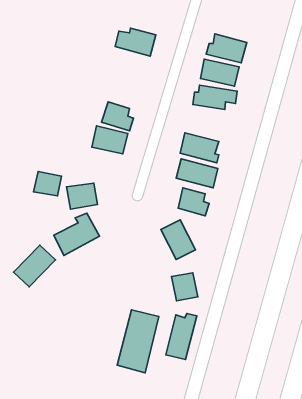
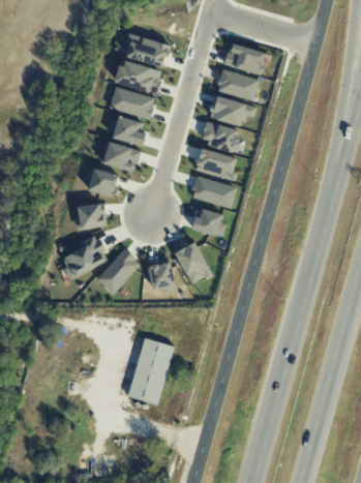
building: none -> [115,59,161,93]
building: none -> [109,86,154,118]
building: none -> [200,120,239,151]
building: [33,171,62,196] -> [87,169,117,194]
building: [14,245,55,287] -> [95,248,140,293]
building: [172,273,198,301] -> [147,261,175,291]
building: [166,313,197,359] -> none

